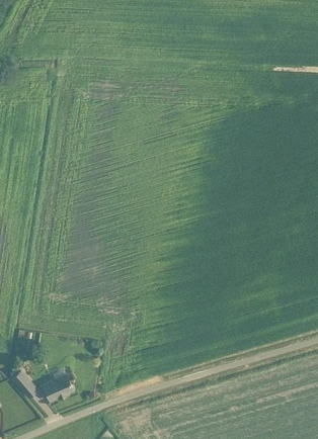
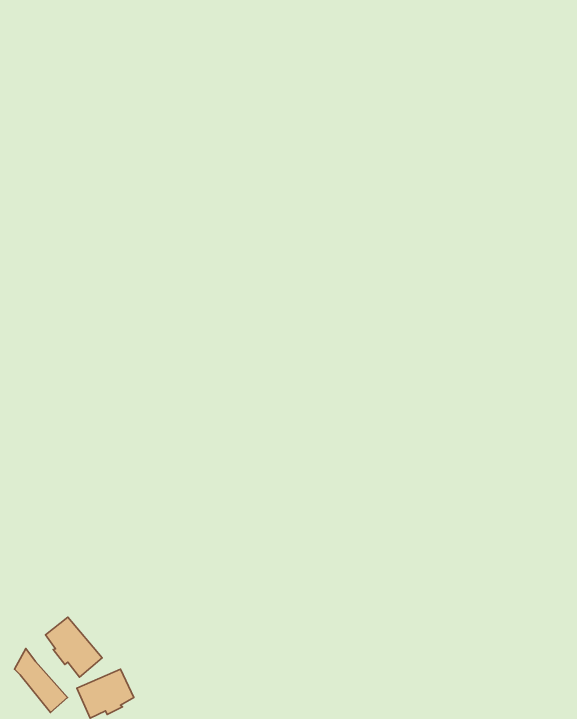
building: none -> [46,617,102,677]

